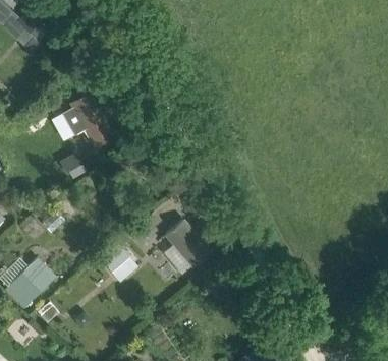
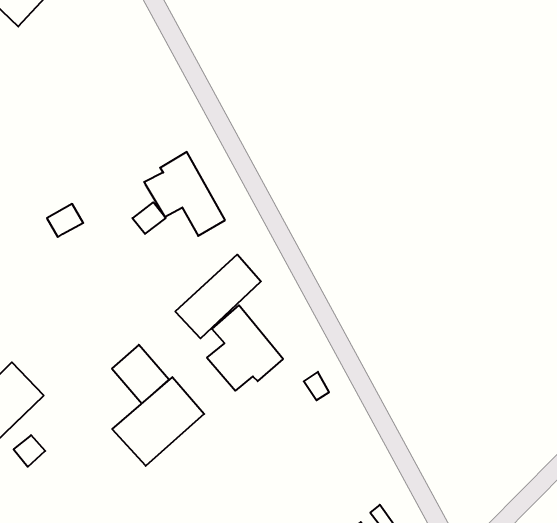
building: [61,94,113,147] -> [144,152,225,236]
building: none -> [112,377,204,466]

